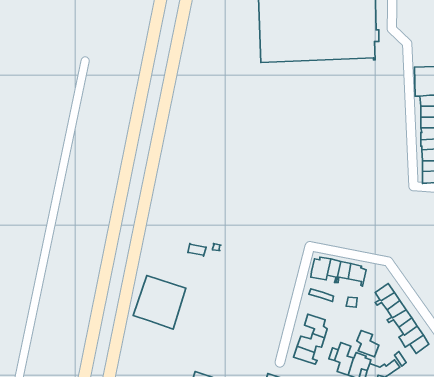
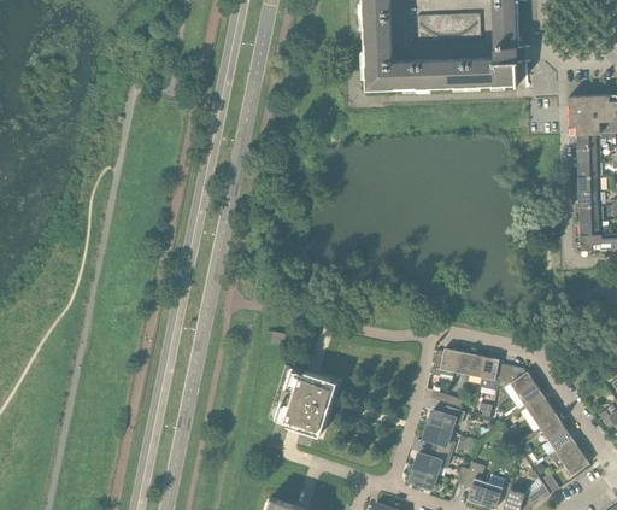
building: none -> [500,365,534,395]
building: [133,275,186,329] -> [266,365,336,436]
building: none -> [428,408,464,432]
building: [357,330,379,357] -> none

